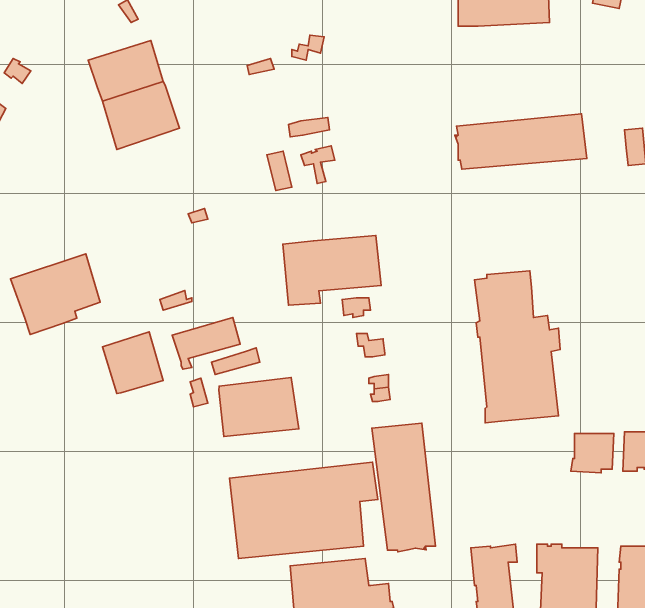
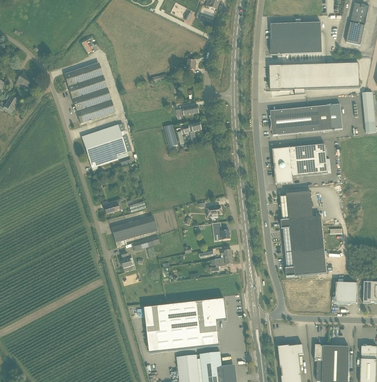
building: none -> [270,62,360,93]
building: [283,235,381,305] -> [273,143,328,182]
building: [11,254,100,334] -> [81,121,131,166]
building: [103,332,163,394] -> none
building: [219,378,299,436] -> none
building: [372,423,436,552] -> none

